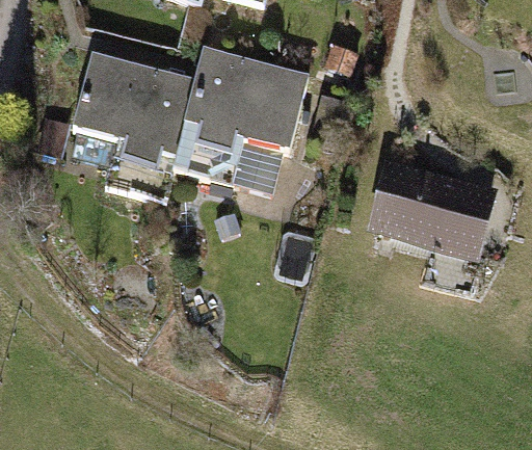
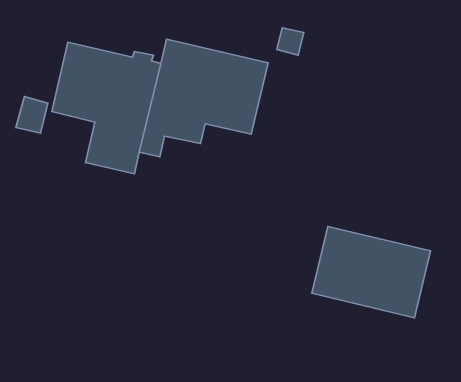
building: [368,159,499,260] -> [312,226,430,318]

